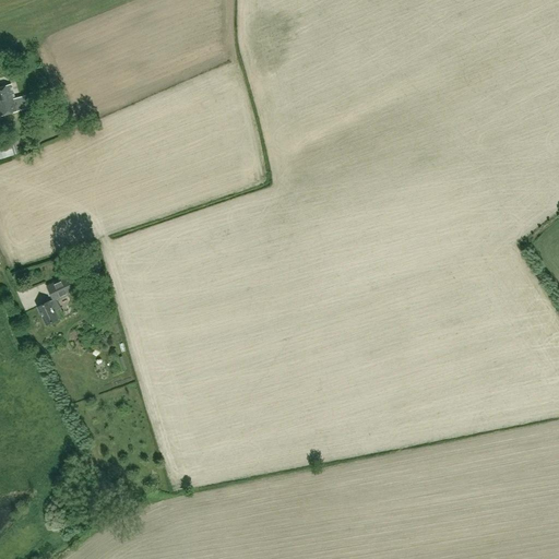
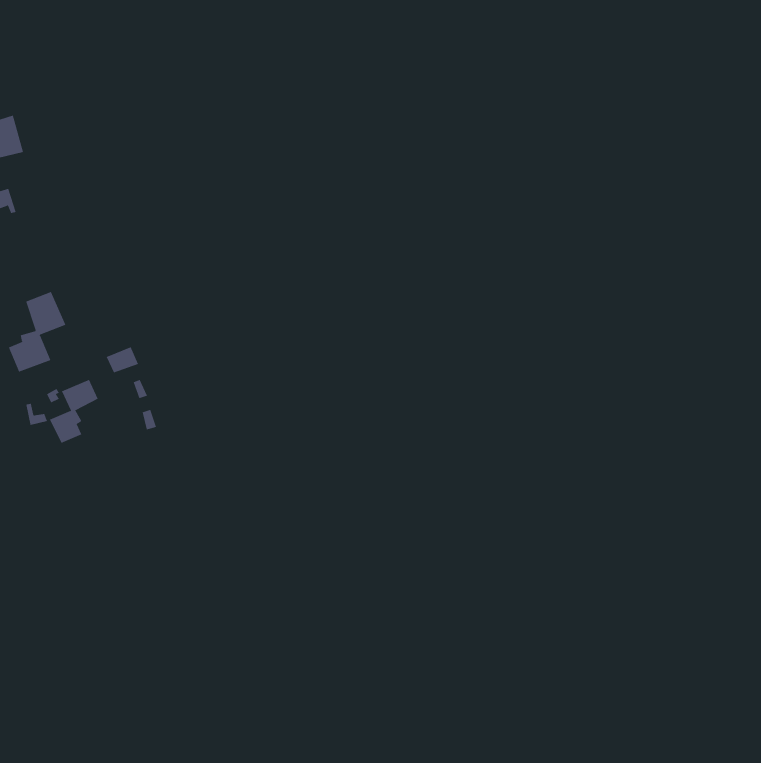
building: none -> [8,291,66,372]

